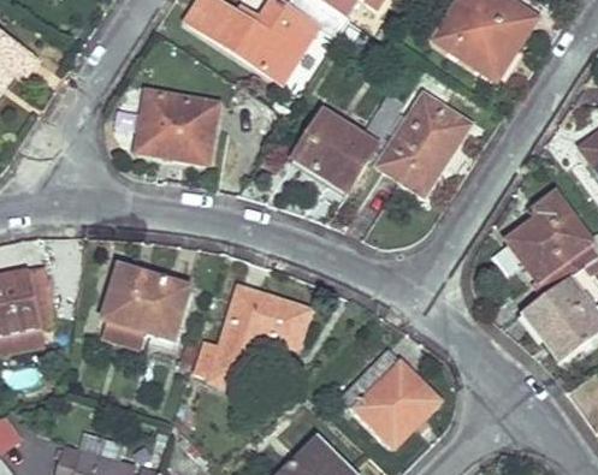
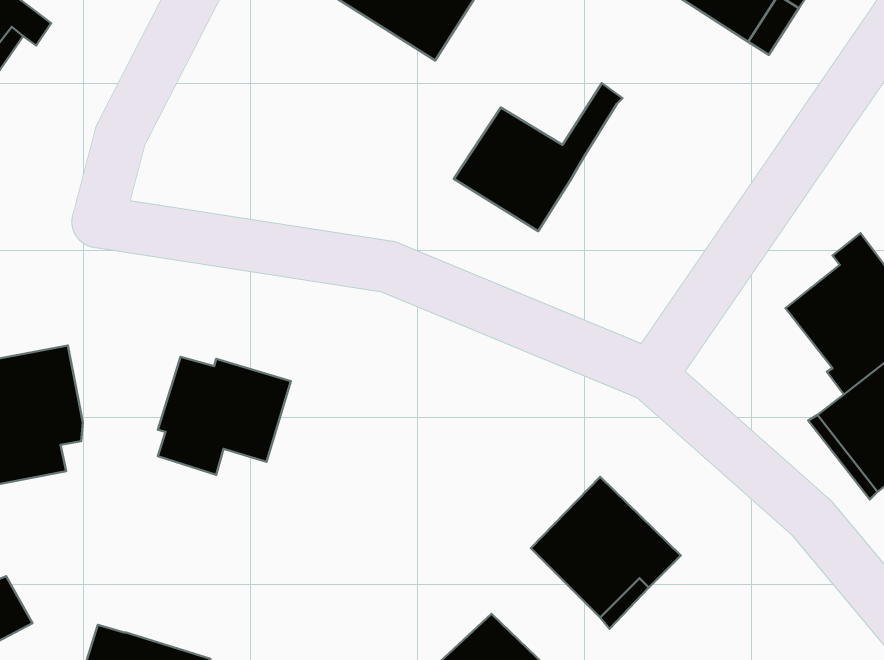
building: [136,90,218,162] -> none
building: [367,94,468,195] -> none
building: [194,287,307,392] -> none

